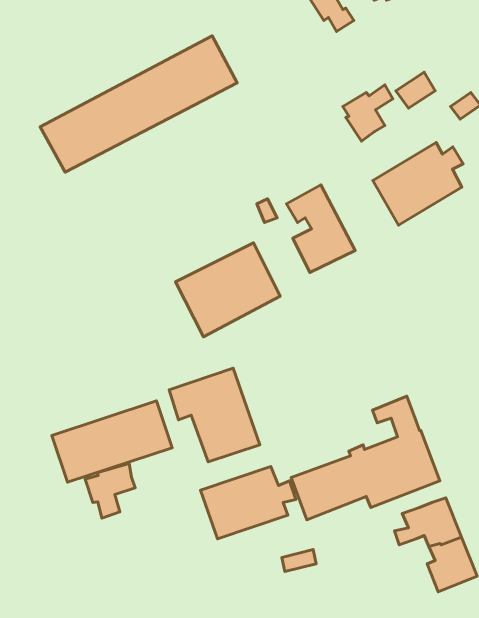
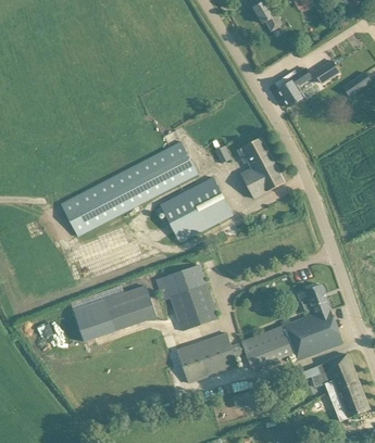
building: [40,36,237,172] -> [60,141,197,236]
building: [373,142,463,225] -> none
building: [85,463,135,518] -> none

